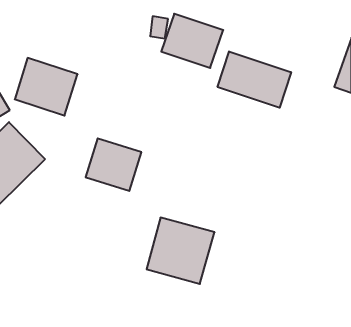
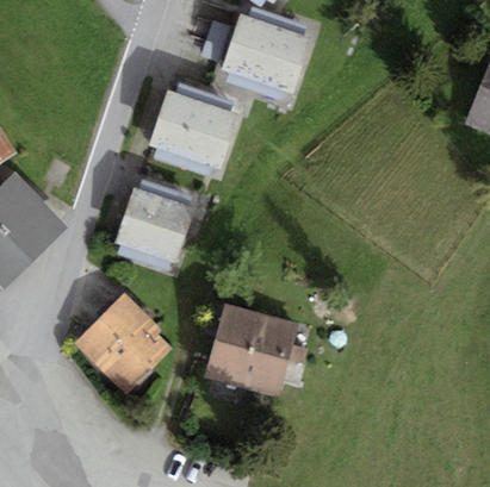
building: [218,51,291,108] -> none
building: [15,58,78,116] -> [154,95,241,175]
building: none -> [74,292,176,393]

